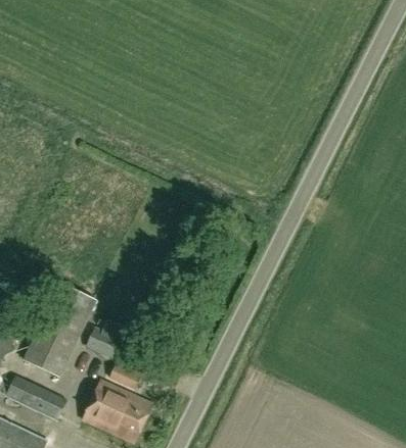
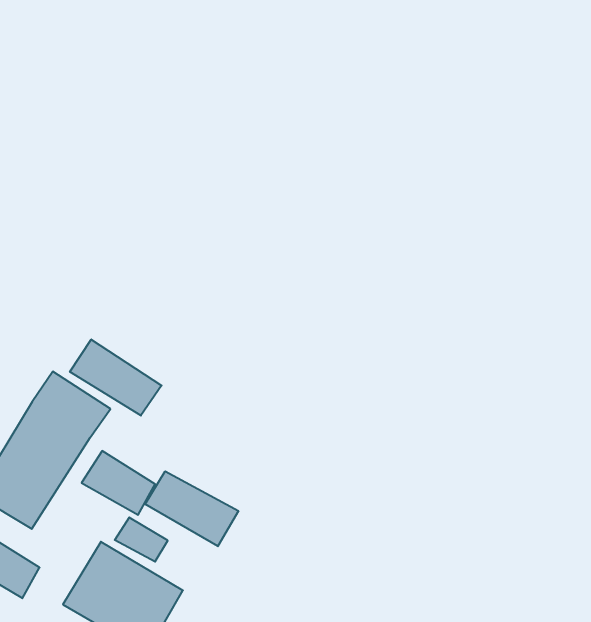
building: none -> [70,339,162,416]
building: none -> [145,471,238,546]

